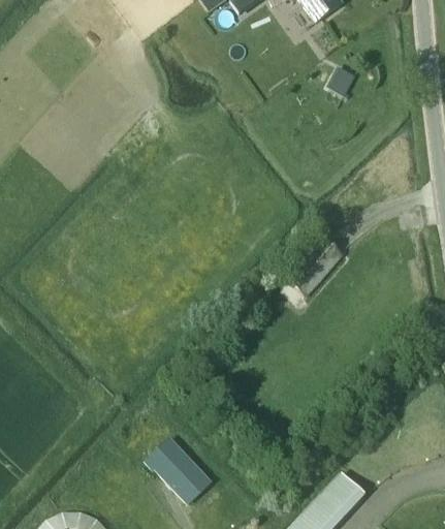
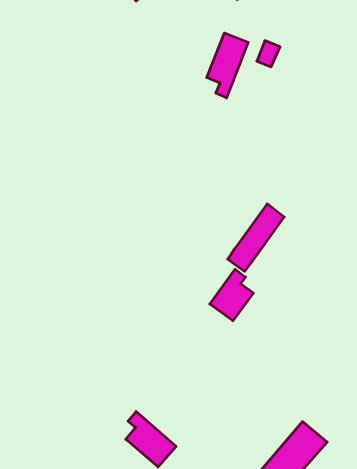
building: none -> [207,33,248,98]
building: none -> [210,269,253,321]

